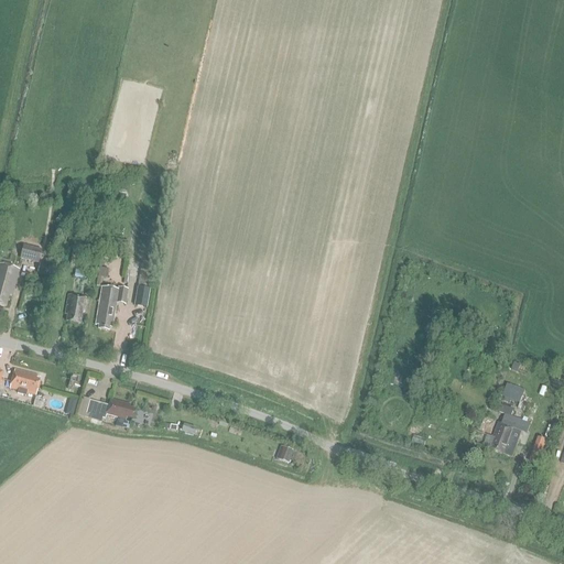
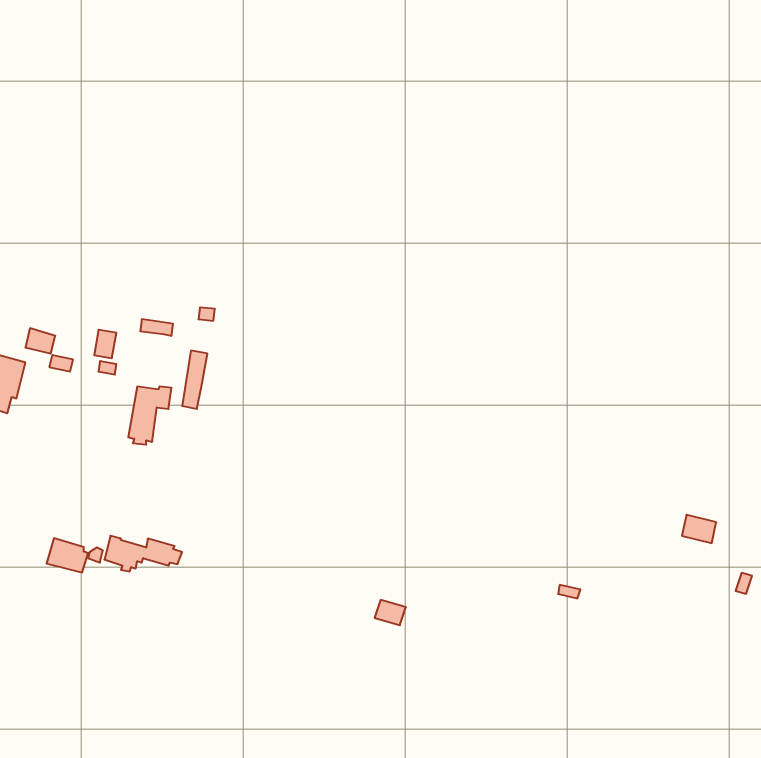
building: [64,293,87,323] -> none
building: [9,367,40,392] -> [46,538,88,572]
building: [489,420,520,455] -> none

